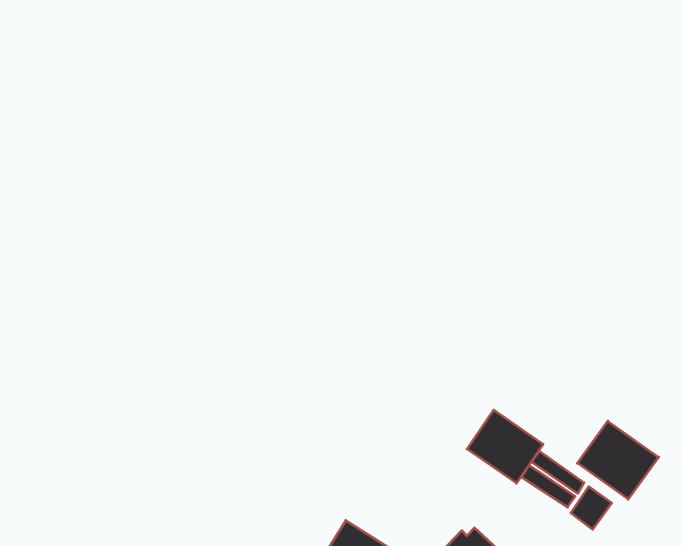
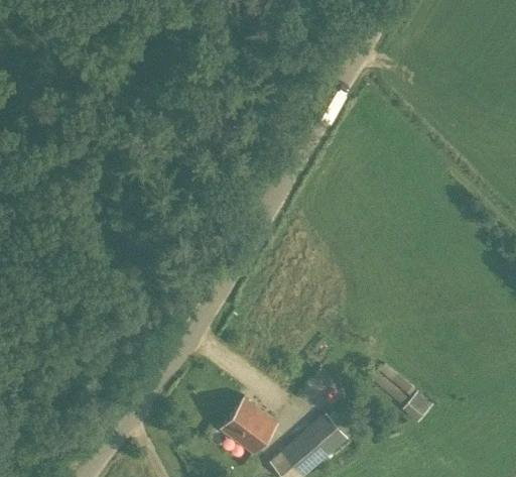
building: [467,410,543,483] -> none
building: [577,421,659,499] -> none

